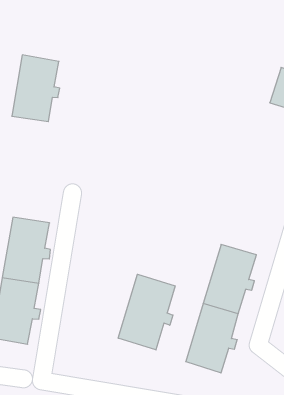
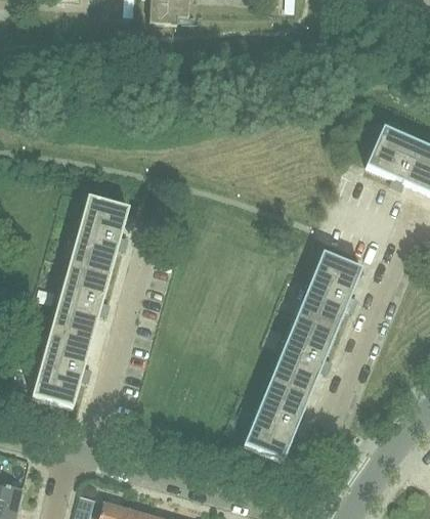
building: [12,55,60,122] -> [70,198,128,274]
building: none -> [297,253,360,333]
building: [118,274,175,350] -> none

